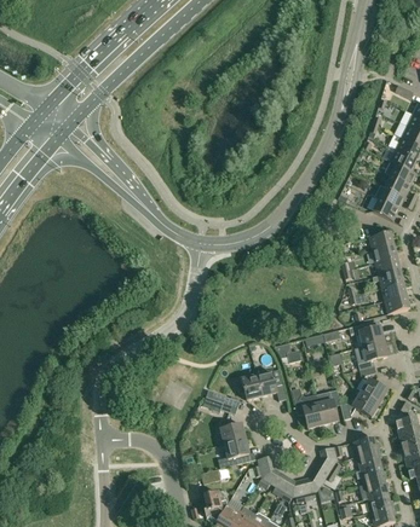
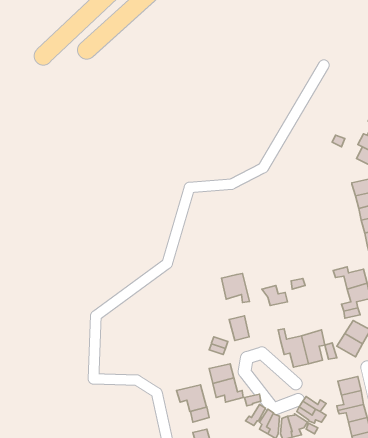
building: [257,369,286,399] -> [222,273,250,303]
building: none -> [177,385,206,411]

